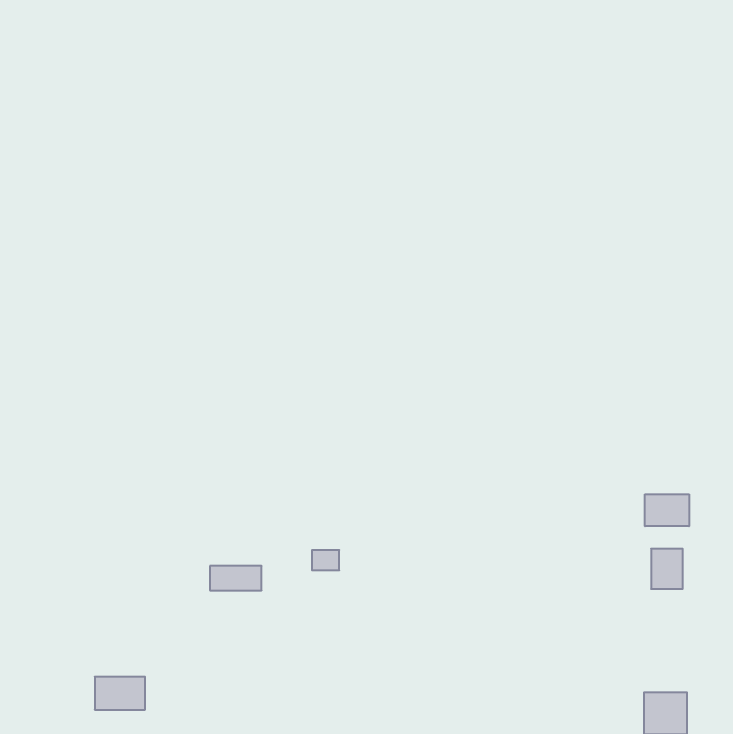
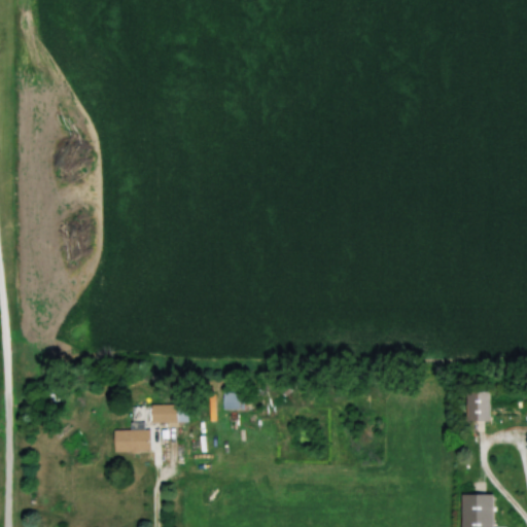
building: [645,494,689,526] -> none
building: [95,677,145,710] -> [113,429,149,453]

